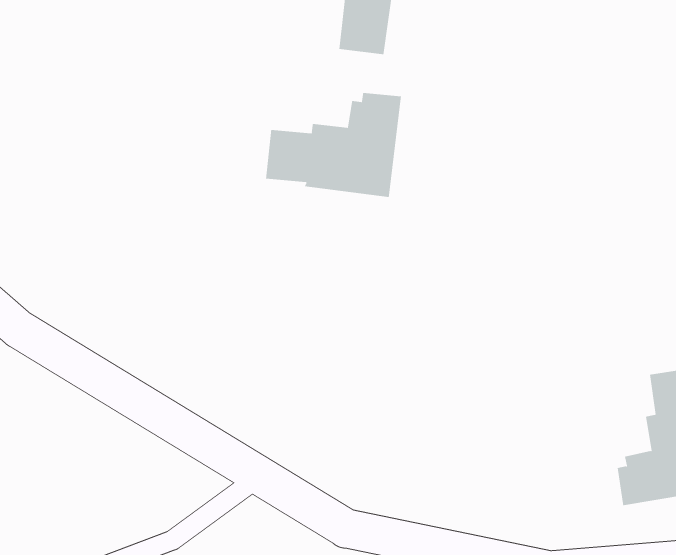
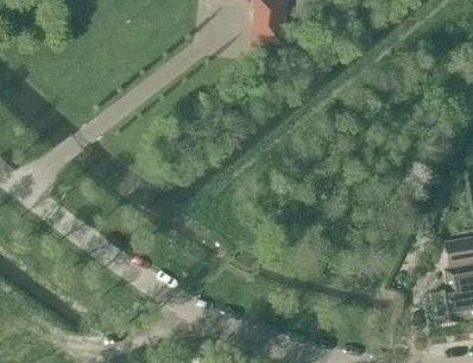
building: [265,92,401,198] -> none

